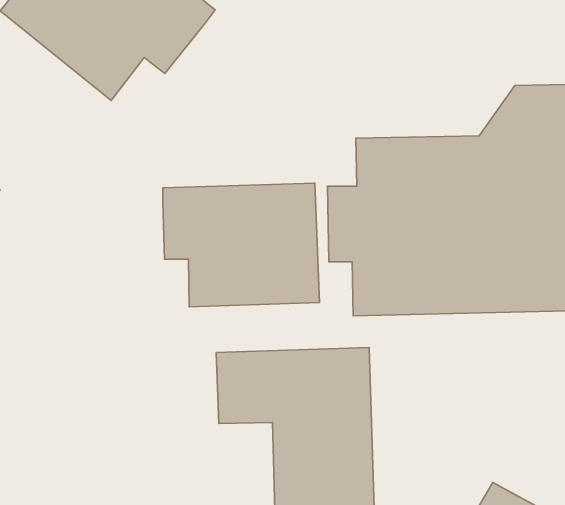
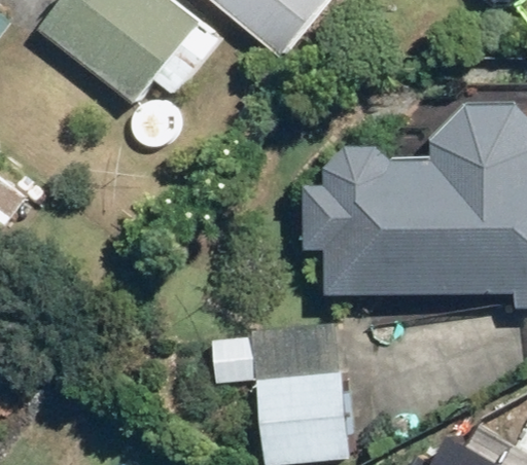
building: [163,183,320,307] -> none

